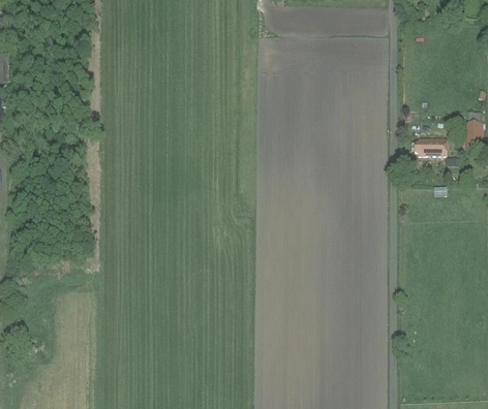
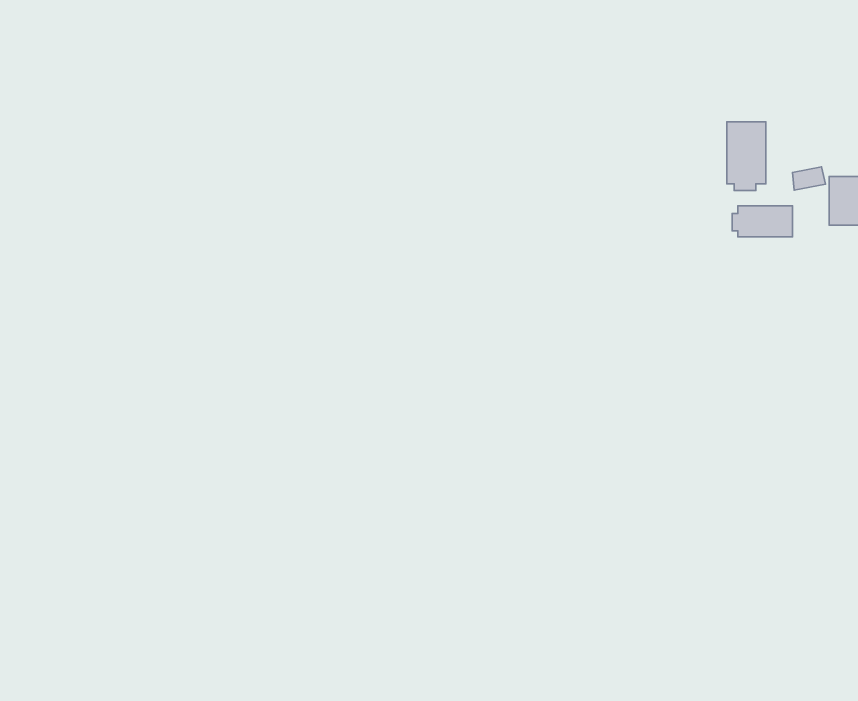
building: none -> [727,122,766,190]

